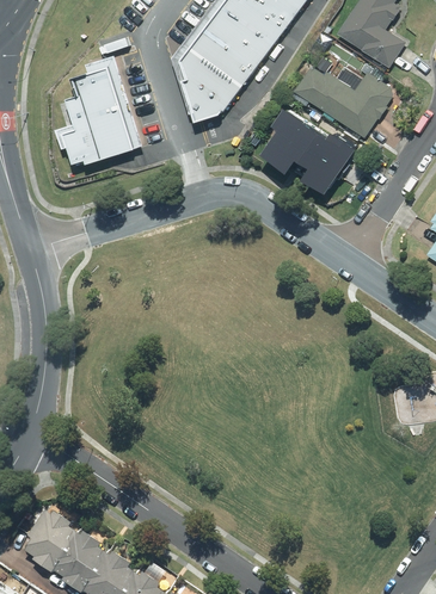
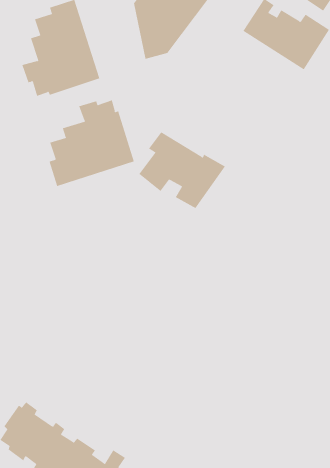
building: [257,107,355,194] -> [139,131,226,209]
building: none -> [49,100,134,187]

